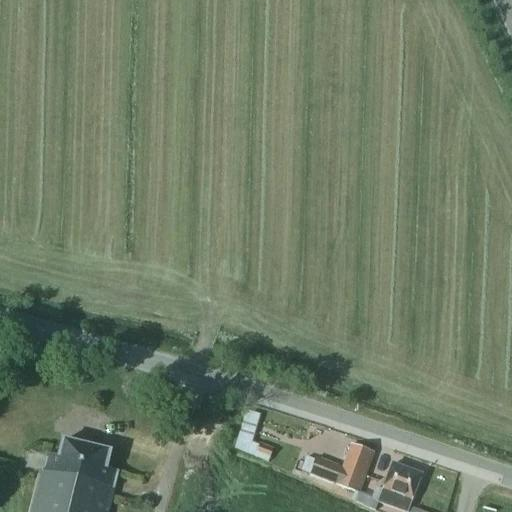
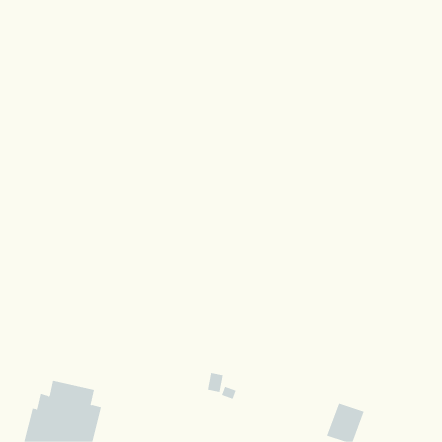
building: [311,443,377,496] -> none

